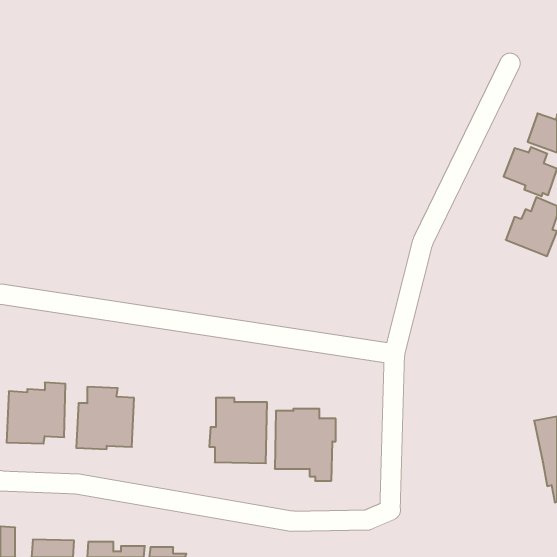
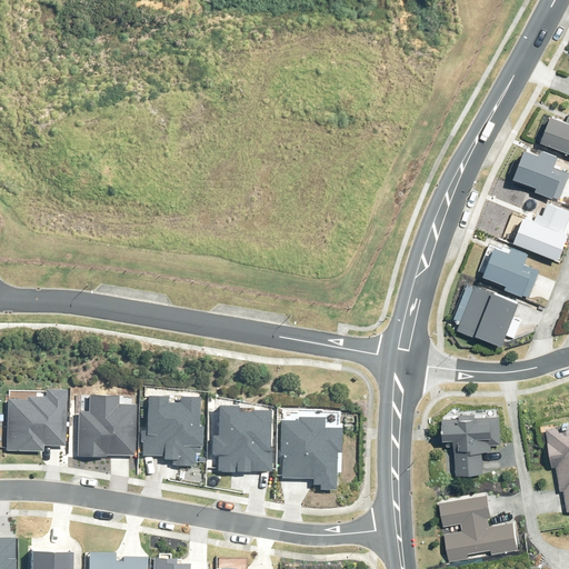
building: none -> [483,248,538,299]
building: none -> [457,288,517,346]
building: none -> [143,395,204,467]
building: none -> [448,408,505,476]
building: none -> [442,495,520,558]

